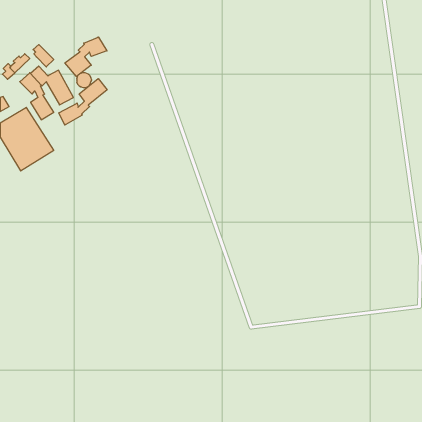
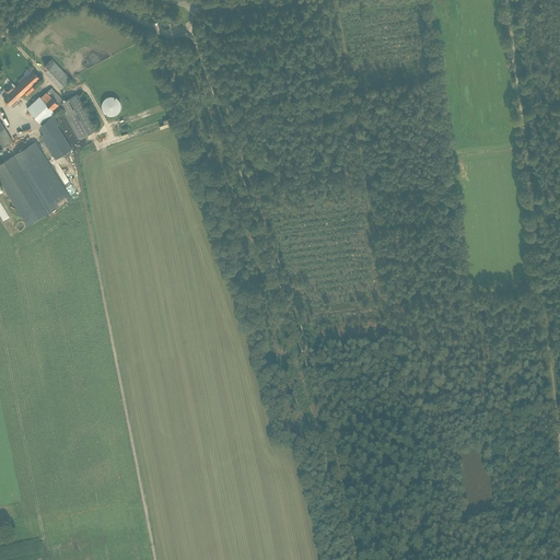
building: [65,37,107,77] -> none
building: [59,79,107,125] -> none

